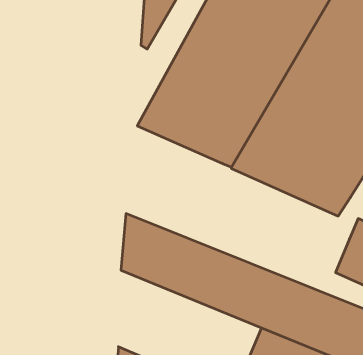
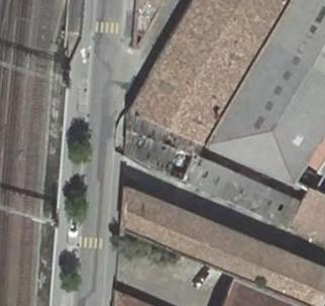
building: none -> [127,113,303,231]

